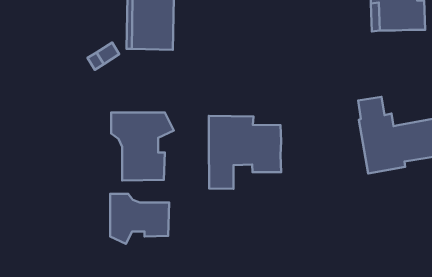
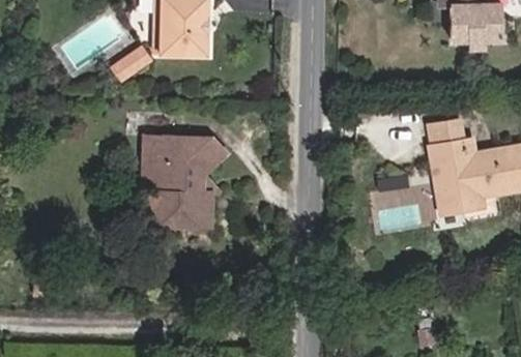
building: [209,116,281,189] -> none
building: [110,194,169,244] -> none

